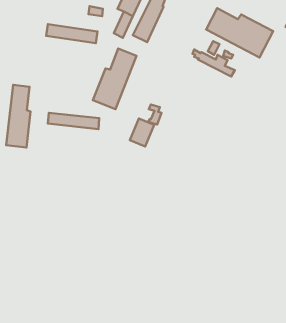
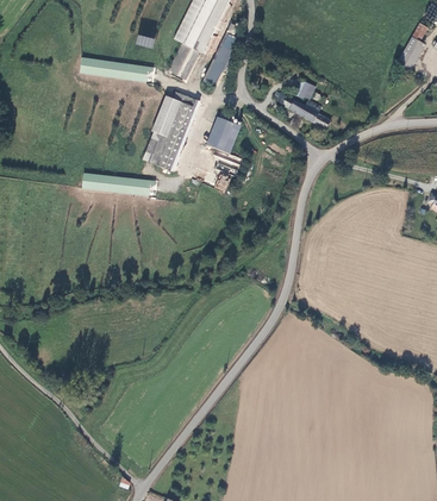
building: [206,8,273,58] -> none
building: [6,85,30,147] -> none
building: [130,118,154,146] -> [207,117,239,154]

